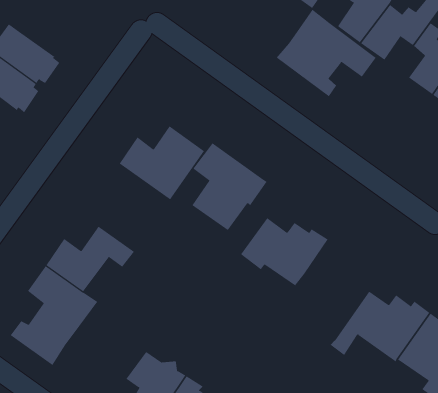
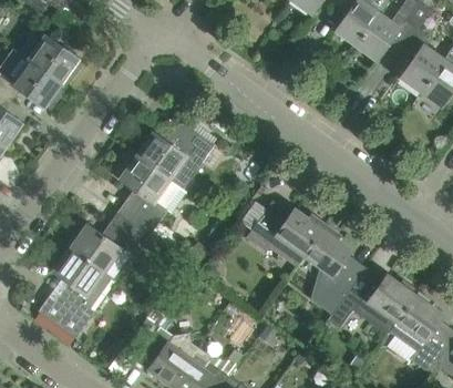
building: [276,9,377,97] -> none
building: [191,143,267,231] -> [117,156,186,236]
building: none -> [305,225,362,316]

